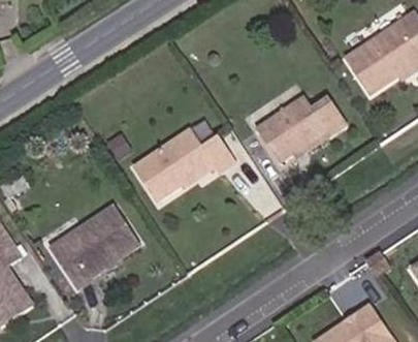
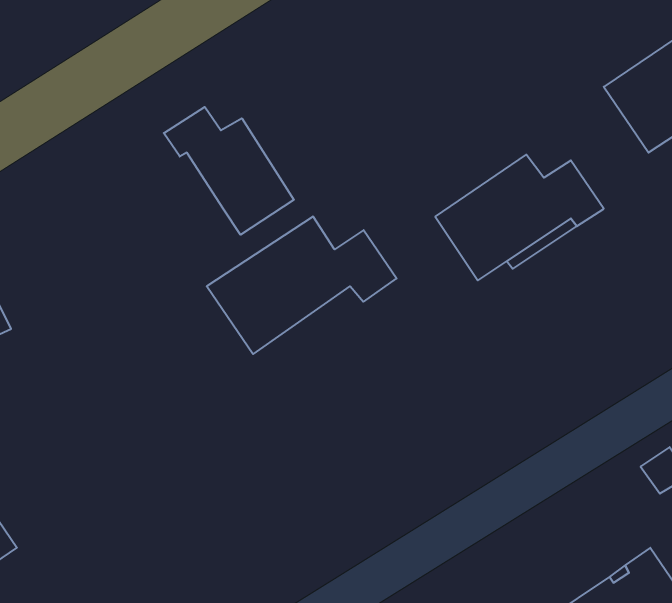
building: none -> [164,107,294,235]
building: [50,206,139,286] -> none

